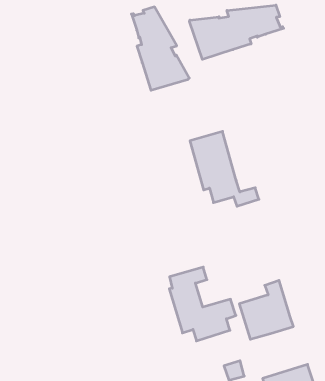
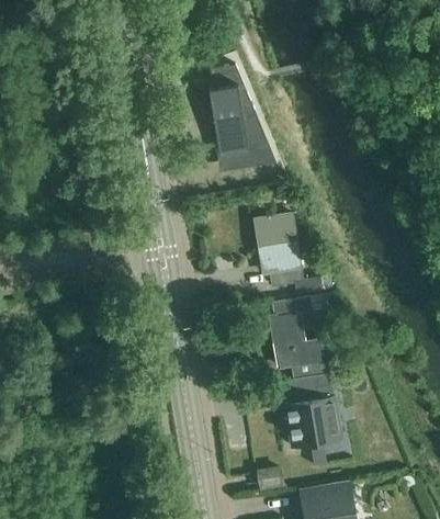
building: [189,5,284,59] -> none
building: [169,267,236,341] -> [271,302,340,382]

